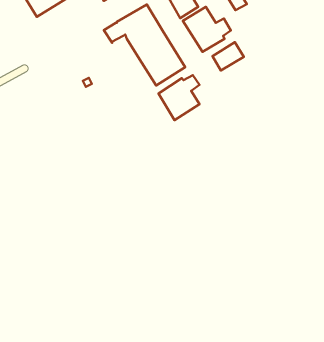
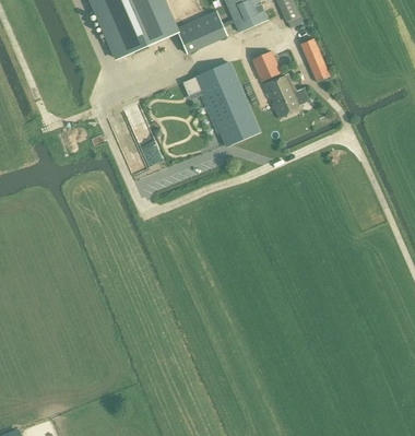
building: [212,42,244,70] -> none
building: [158,75,200,120] -> none

